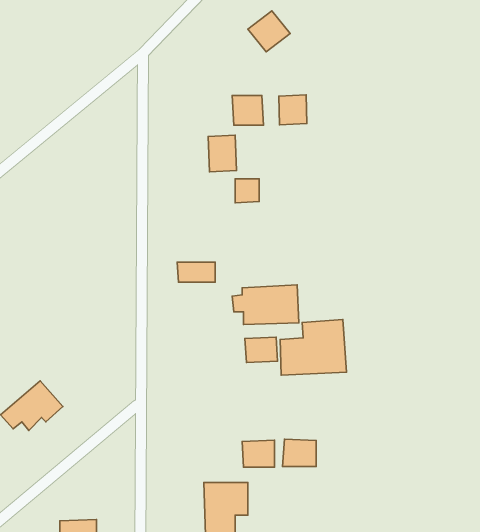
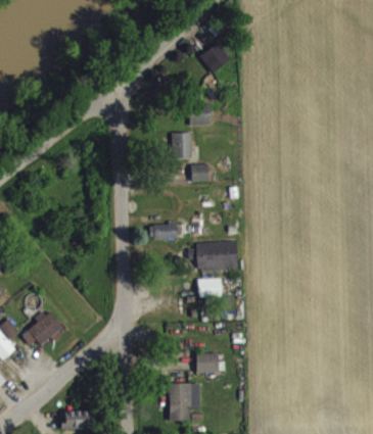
building: [279,95,307,125] -> none
building: [280,320,347,375] -> none
building: [283,439,316,466] -> none

